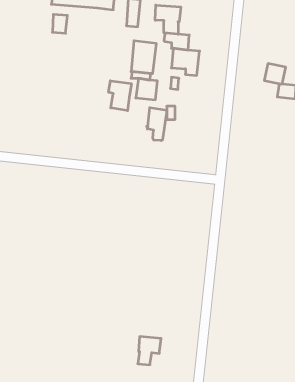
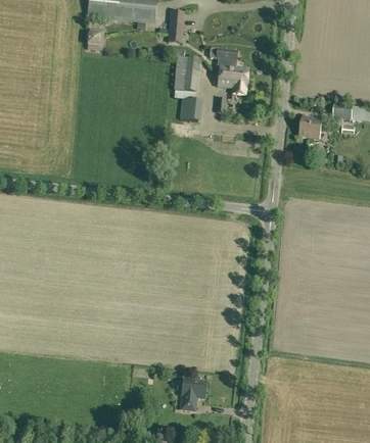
building: [155,5,181,34] -> none
building: [264,64,286,84] -> [299,116,323,139]
building: [109,81,131,111] -> none
building: [147,108,167,141] -> none

